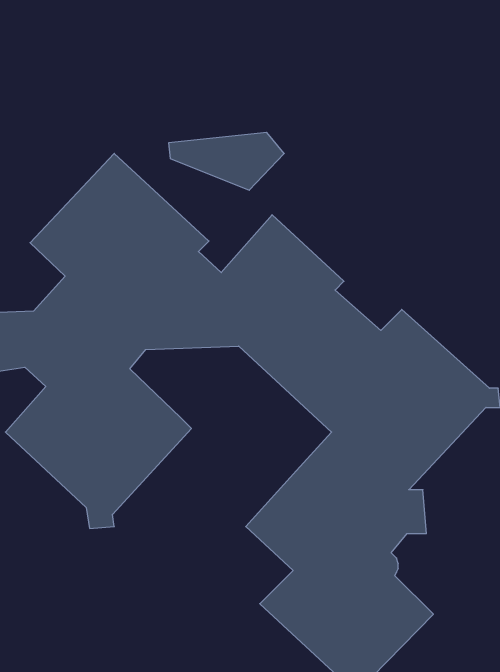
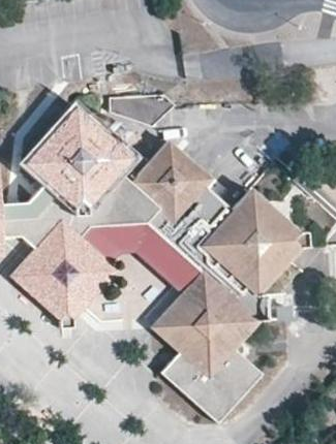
building: none -> [83,218,202,291]

